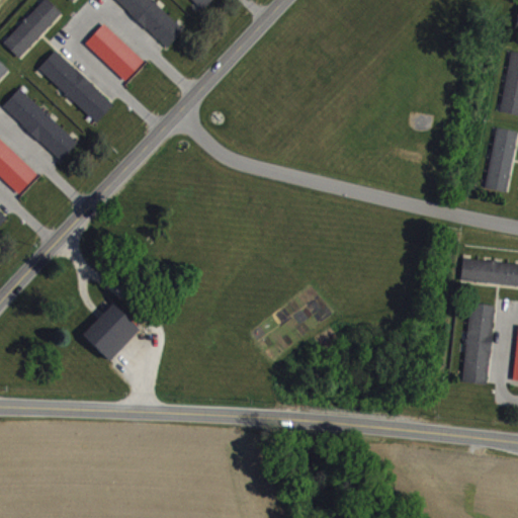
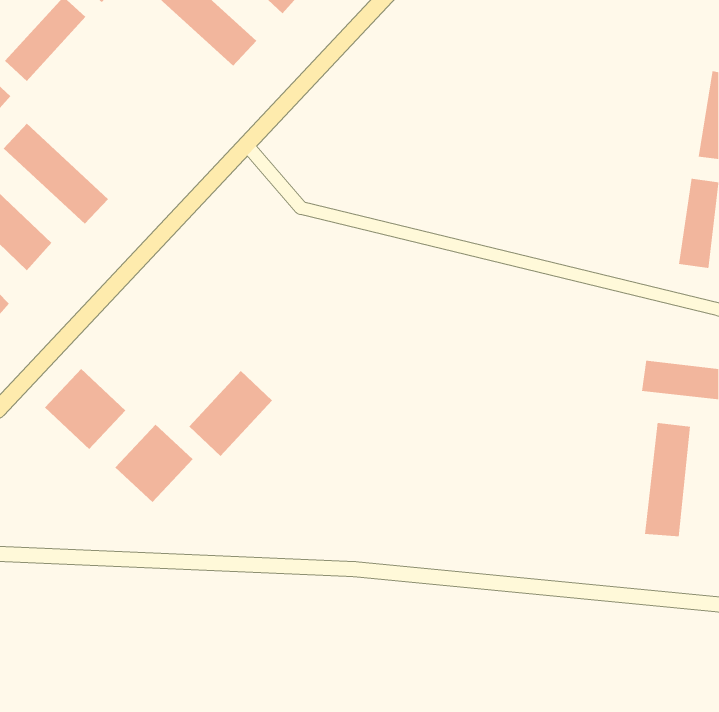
building: [85,23,144,81] -> none
building: [38,50,113,122] -> none
building: none -> [44,368,126,450]
building: none -> [188,370,273,457]

